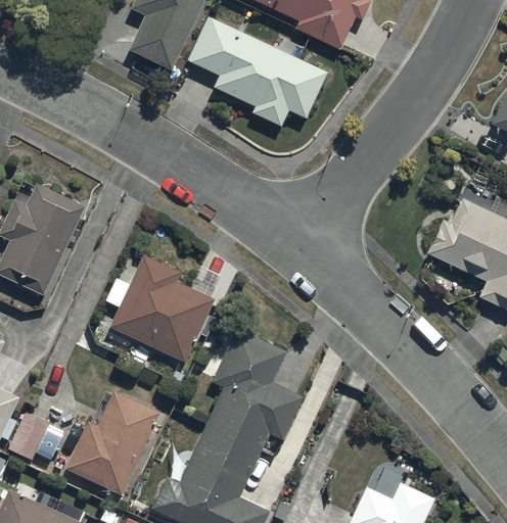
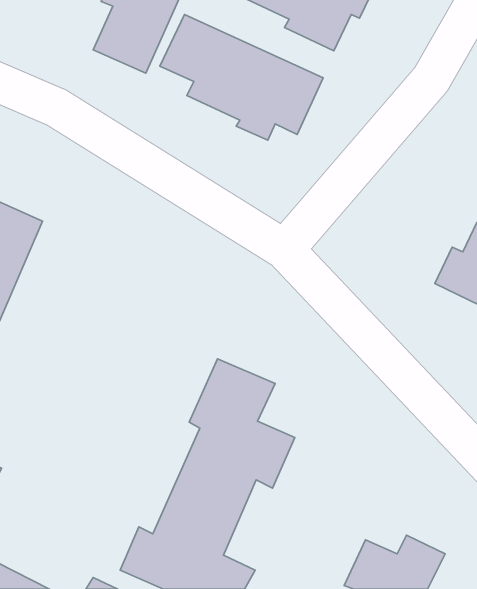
building: [107,249,223,356] -> none
building: [67,385,160,488] -> none

